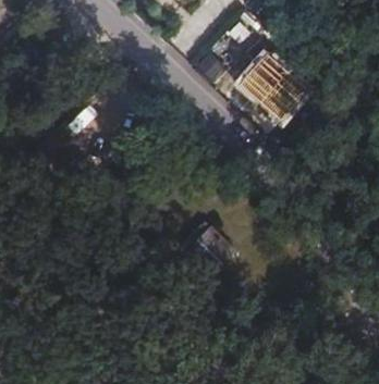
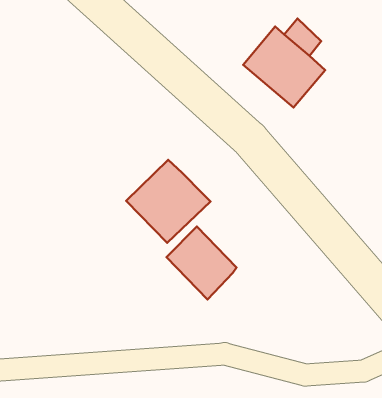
building: none -> [126,160,210,243]

